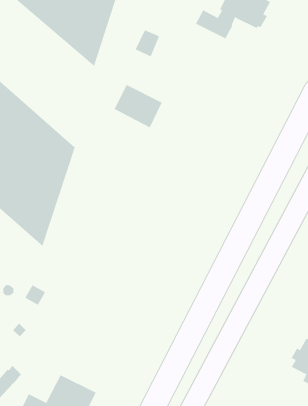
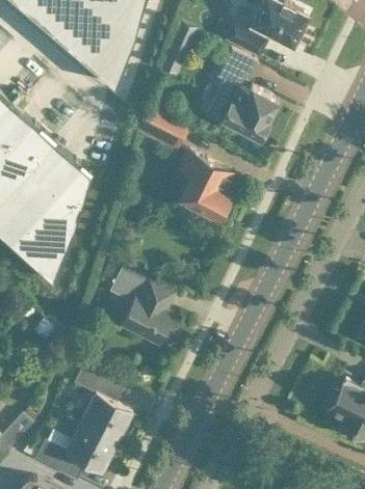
building: none -> [205,52,276,140]
building: none -> [167,157,232,220]
building: none -> [107,270,174,348]
building: none -> [72,368,131,443]

